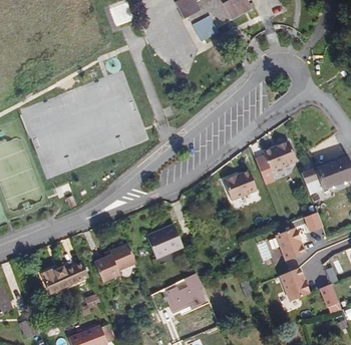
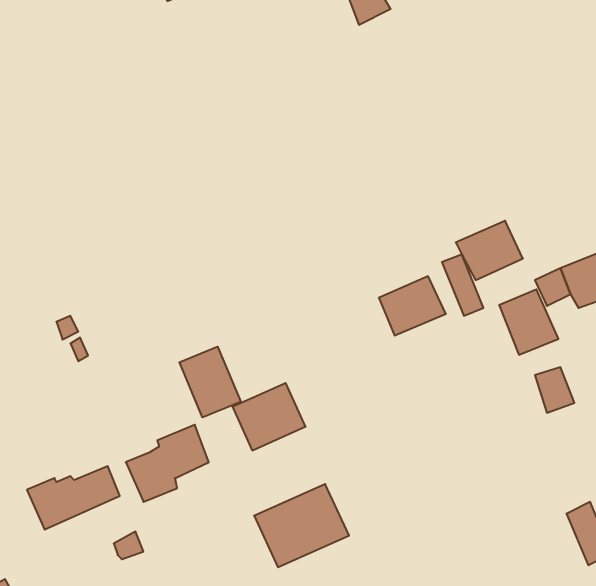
building: none -> [179,347,241,417]
building: [275,226,305,259] -> [499,289,558,355]
building: [280,266,310,299] -> none

